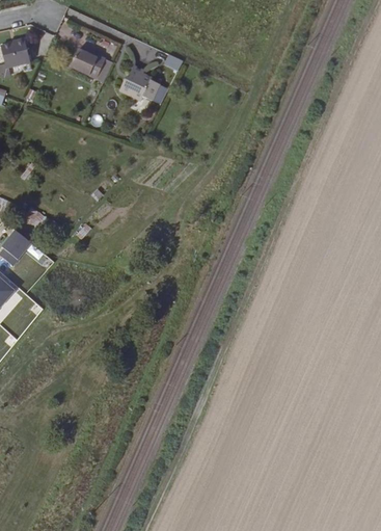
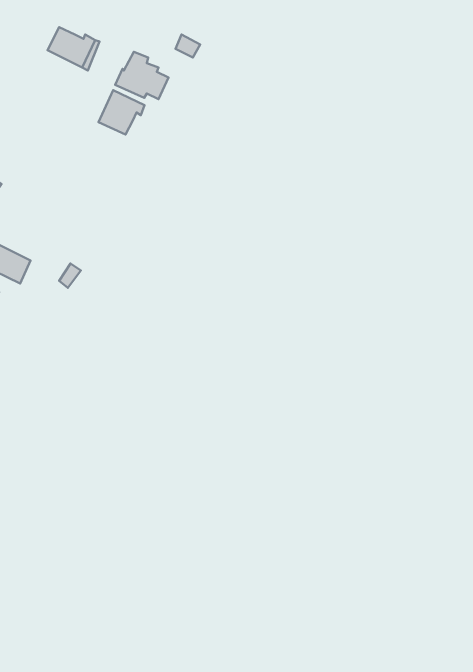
building: none -> [99,90,145,135]

